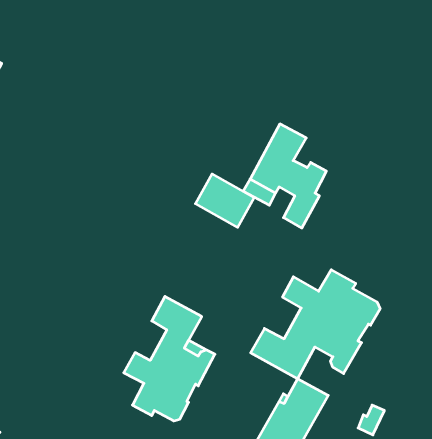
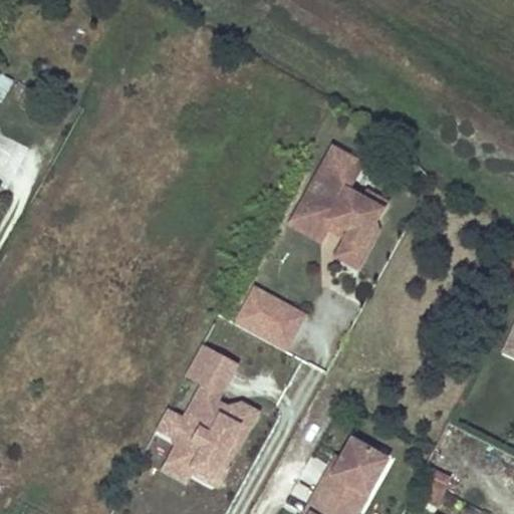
building: [195,174,254,227] -> [235,288,302,349]
building: [251,270,380,379] -> none

